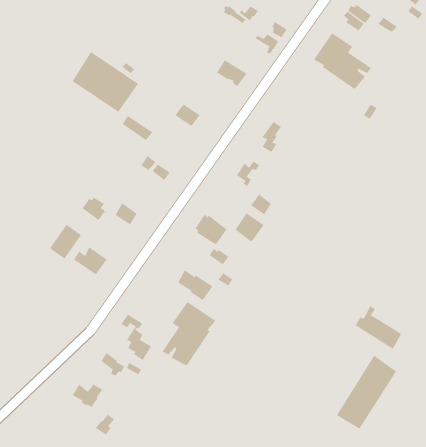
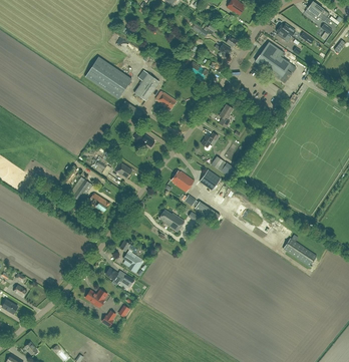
building: none -> [133,71,159,100]
building: [162,301,216,366] -> none
building: [336,355,397,429] -> none

